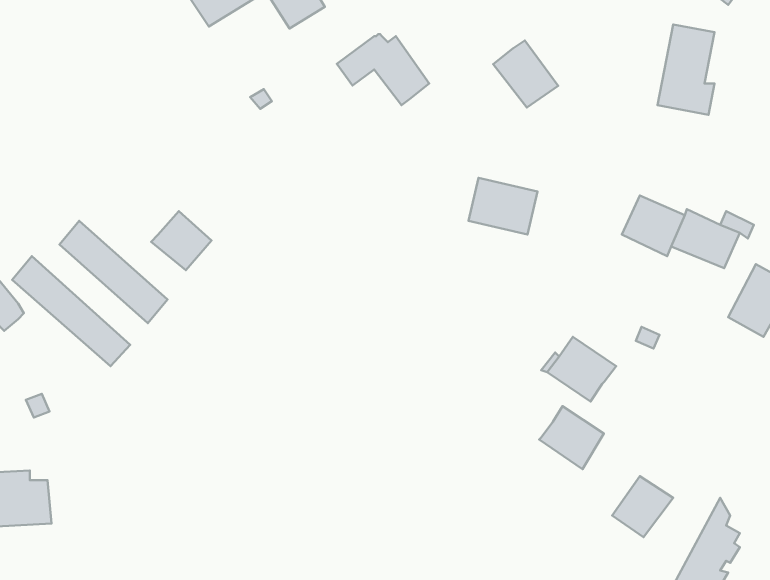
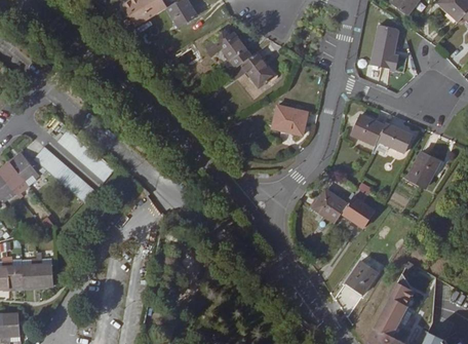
building: [493,41,558,107] -> [241,51,275,86]
building: [151,211,212,270] -> none
building: [539,406,604,469] -> [342,195,376,228]

